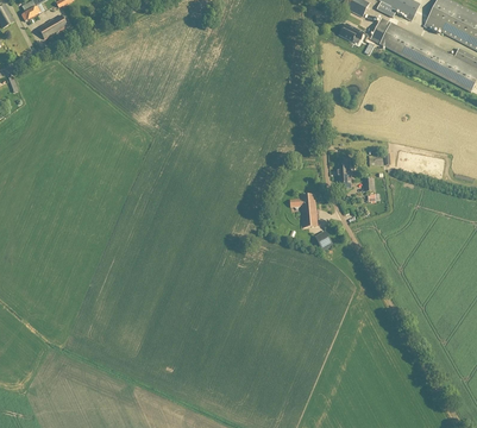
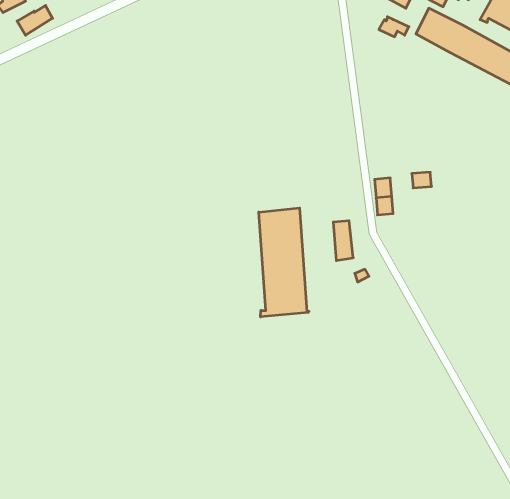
building: none -> [259,208,309,317]

